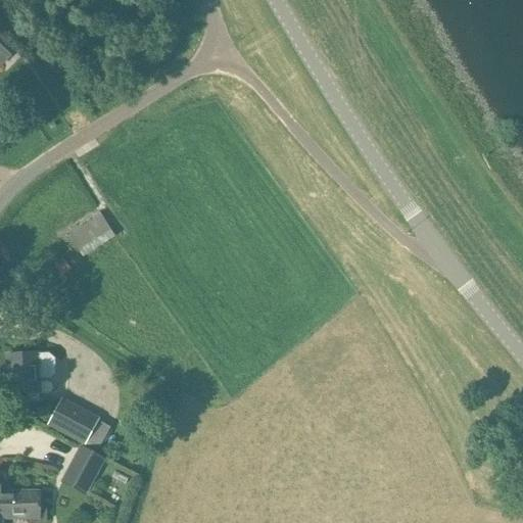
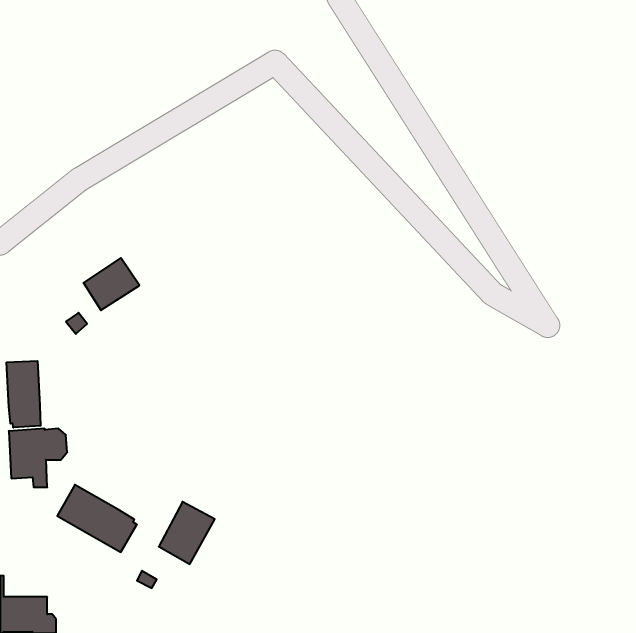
building: none -> [7,361,41,428]
building: [60,444,106,495] -> [159,502,215,564]

